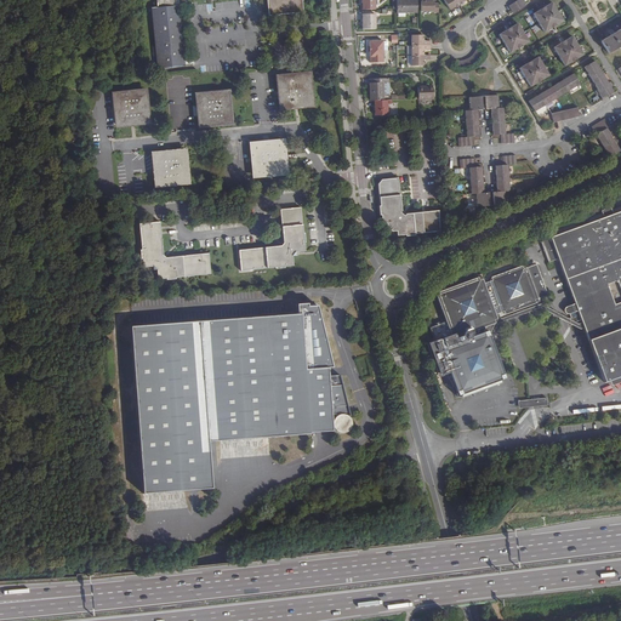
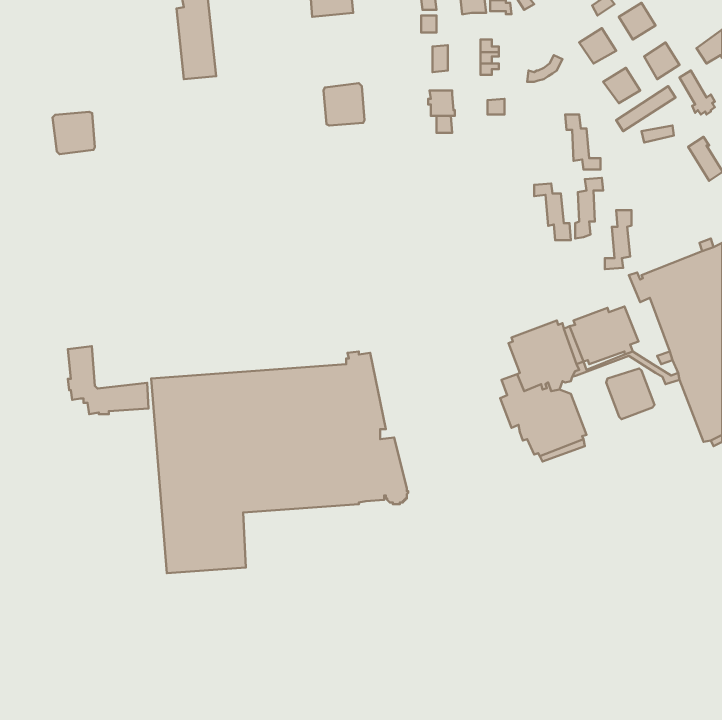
building: [113,90,149,126] -> [52,112,95,154]
building: [196,90,233,126] -> none
building: [458,98,482,149] -> [605,210,632,269]
building: [251,139,287,176] -> none
building: [153,149,189,186] -> none
building: [377,176,439,235] -> none
building: [240,206,306,269] -> none
building: [142,220,211,278] -> [68,346,148,414]
building: none -> [606,368,654,419]

